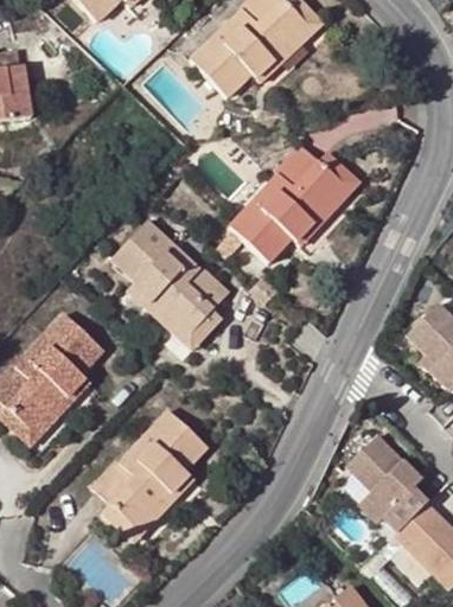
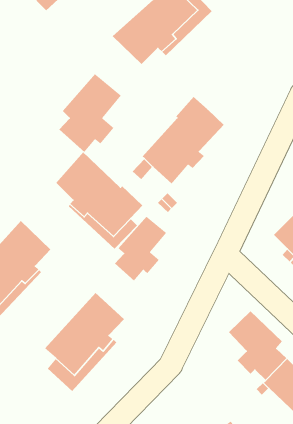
building: none -> [58,73,122,153]
building: [298,149,361,245] -> none
building: none -> [114,216,167,281]

